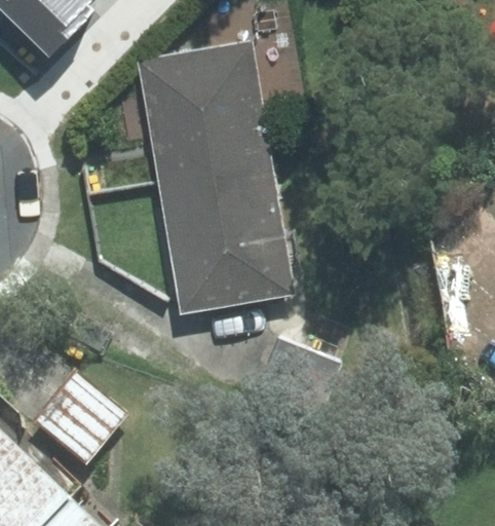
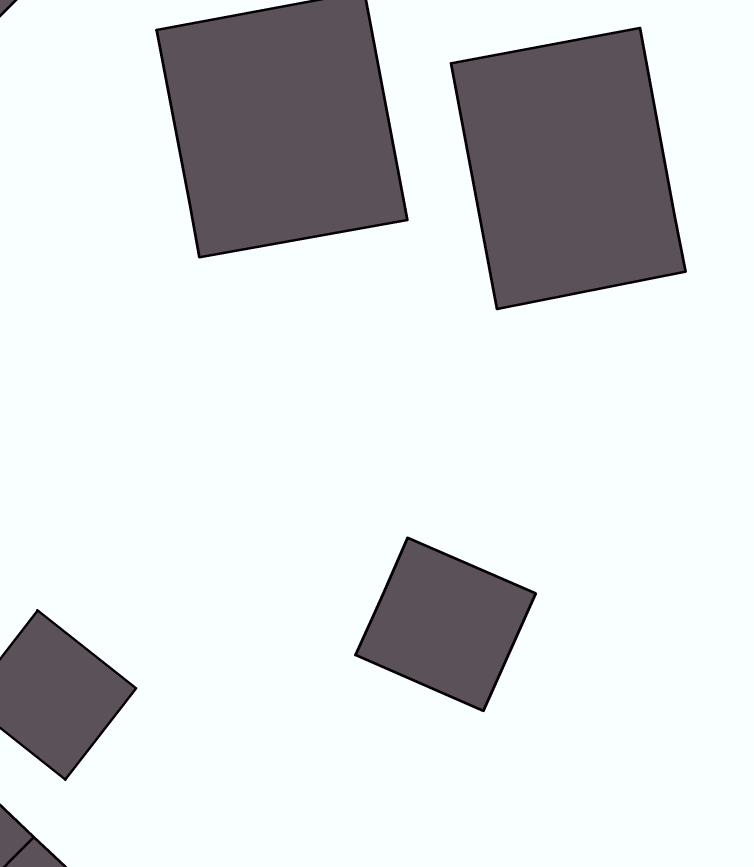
building: none -> [451,28,685,309]
building: [159,159,297,305] -> none

